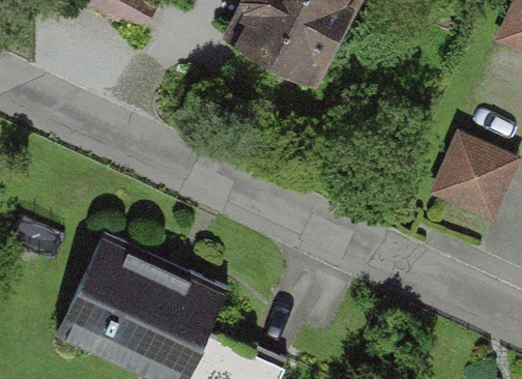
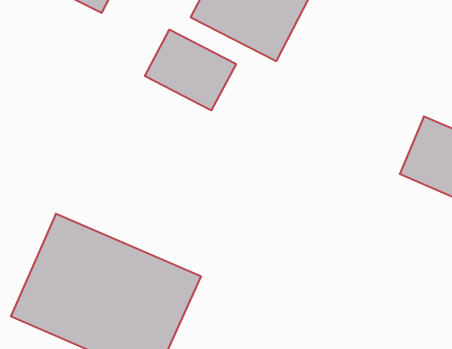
building: none -> [145,30,236,110]

